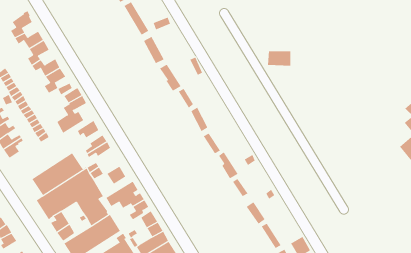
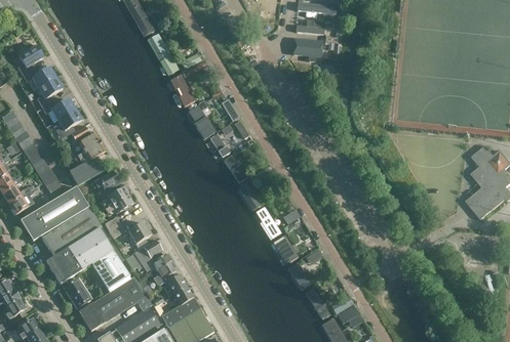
building: [267,51,291,66] -> [293,37,321,54]
building: none -> [19,186,88,241]

